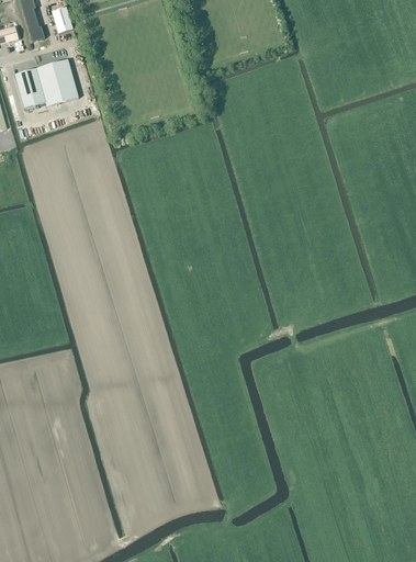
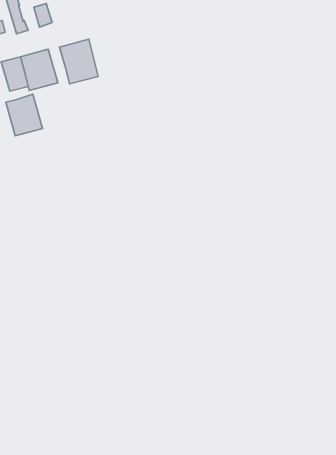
building: none -> [59,39,98,84]
building: none -> [6,94,43,136]

